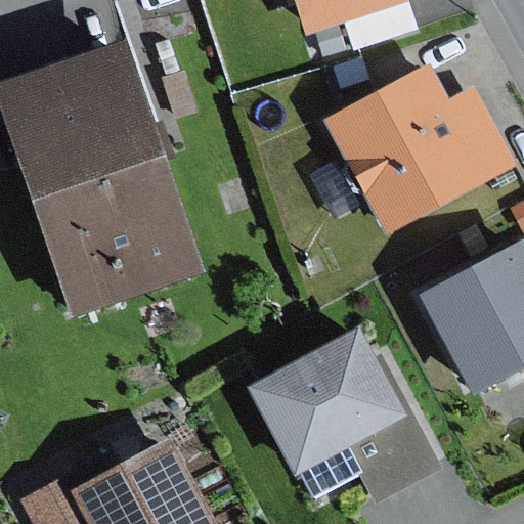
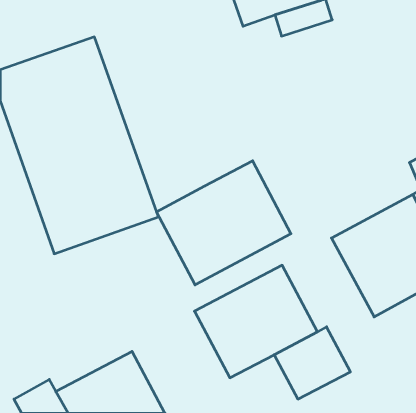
building: [321,60,519,236] -> none
building: none -> [157,161,291,285]

